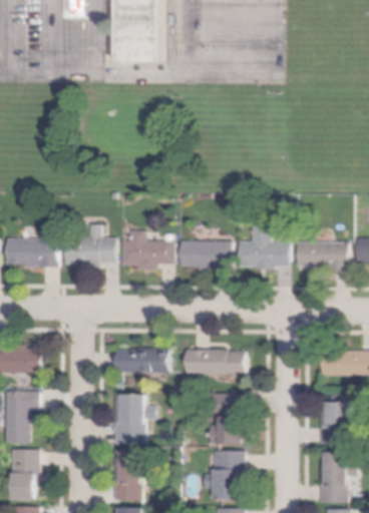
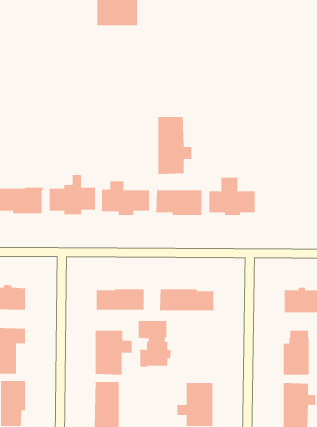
building: none -> [158,116,192,175]
building: [297,241,348,270] -> none
building: [209,393,246,444] -> [138,320,172,367]

